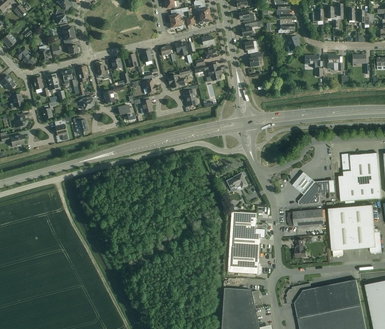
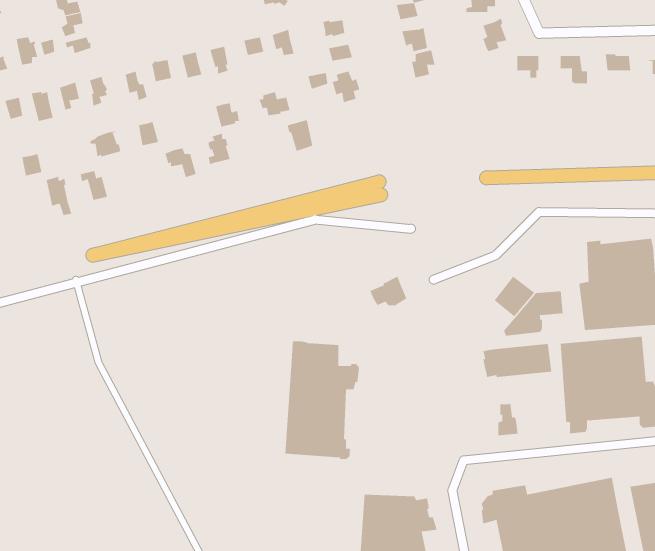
building: [227,211,267,274] -> [285,341,360,460]

